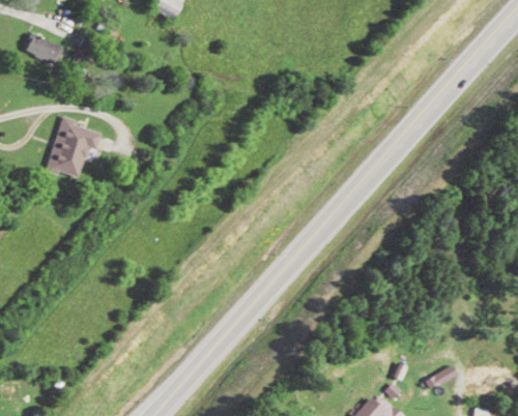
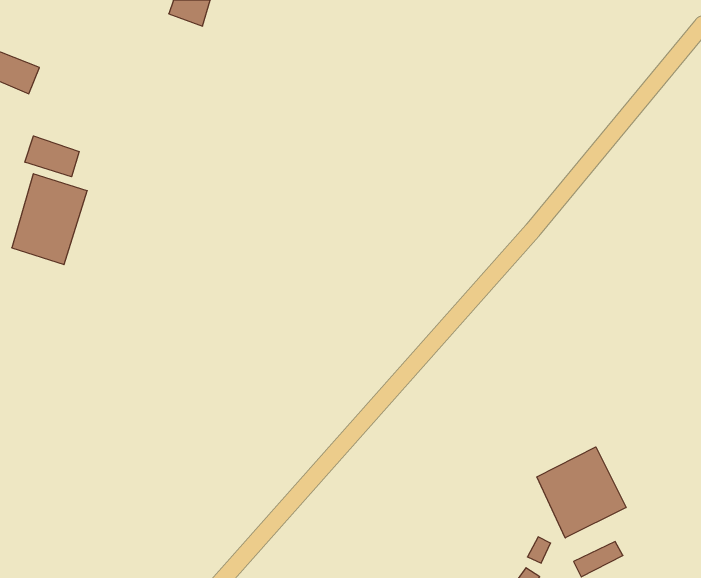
building: none -> [25,136,79,177]
building: none -> [537,447,626,538]

